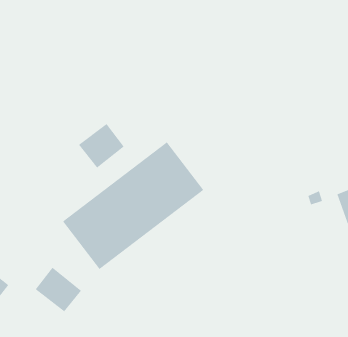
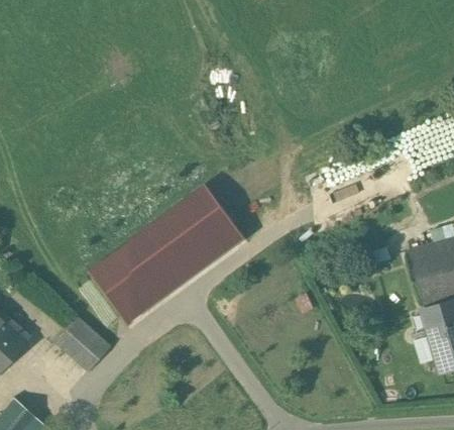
building: [78,123,125,168] -> none

